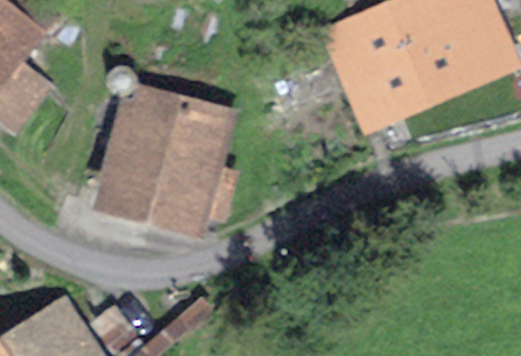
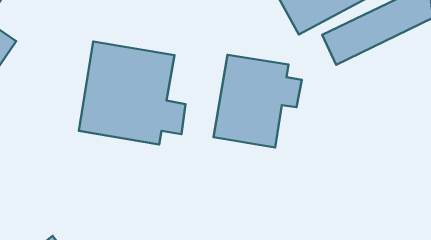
building: none -> [213,55,302,148]

